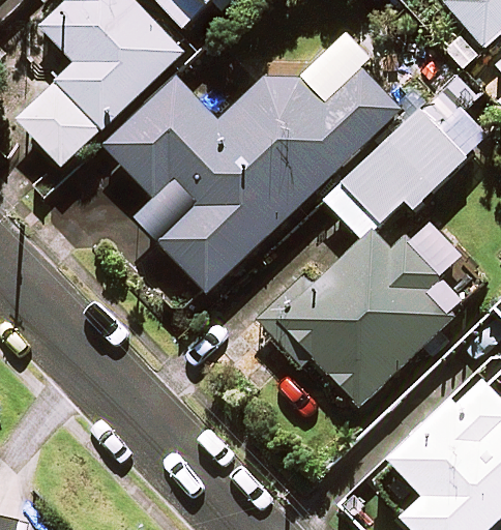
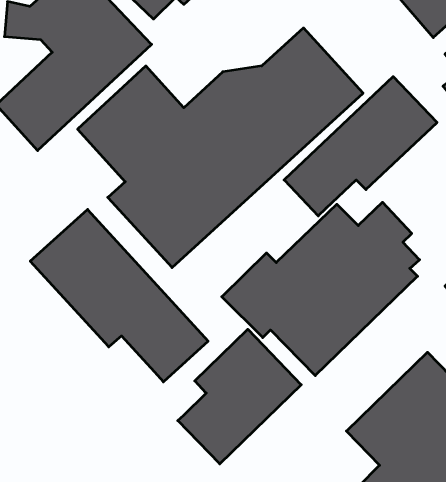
building: none -> [30,209,208,382]
building: none -> [178,329,301,464]

